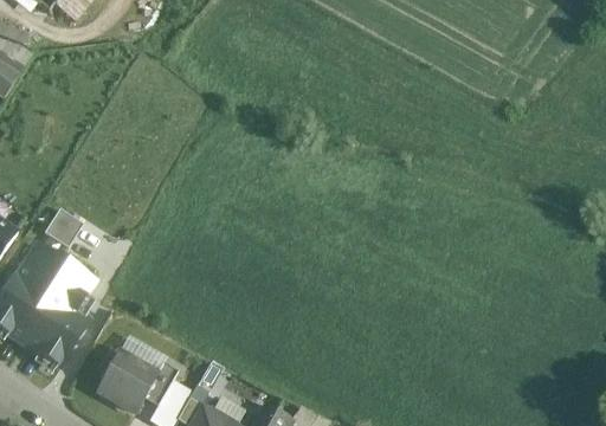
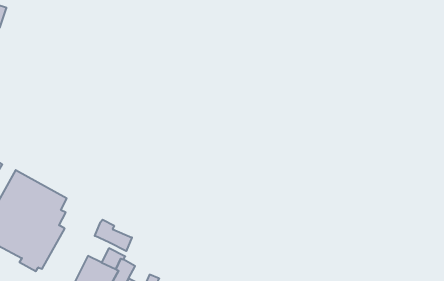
building: [44,208,83,247] -> none
building: none -> [95,220,132,251]

